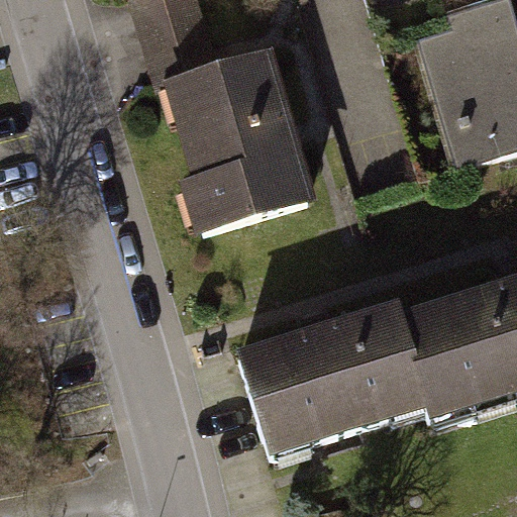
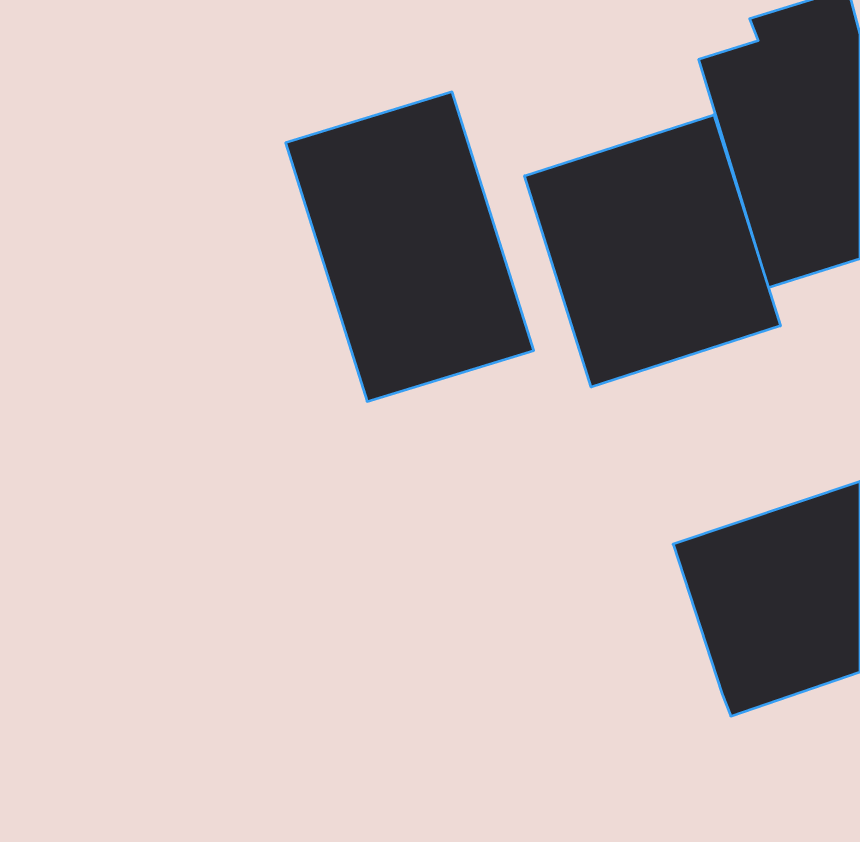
building: none -> [525,115,780,387]
building: [239,310,429,463] -> none

